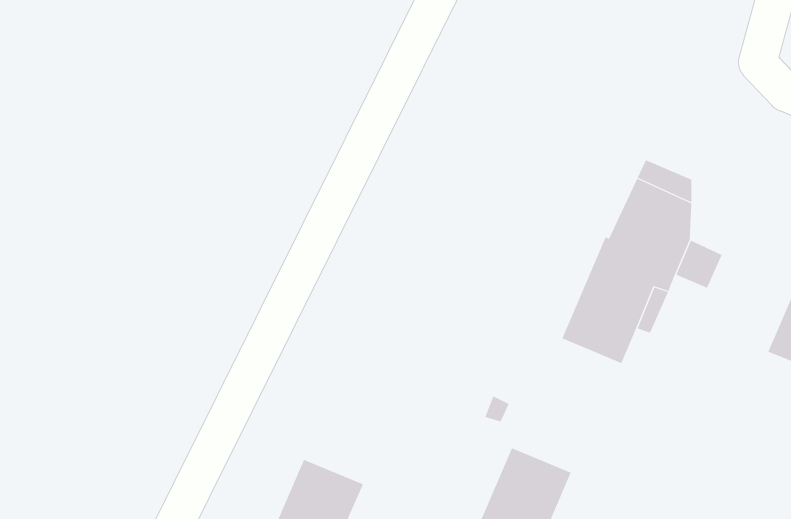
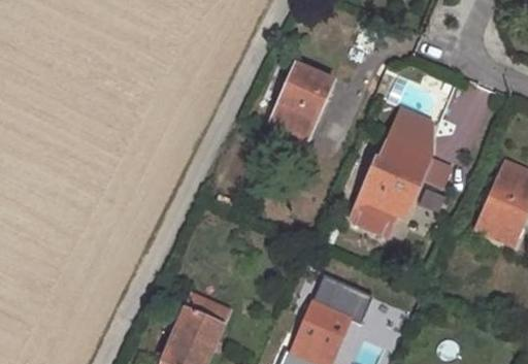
building: none -> [271,64,333,137]

